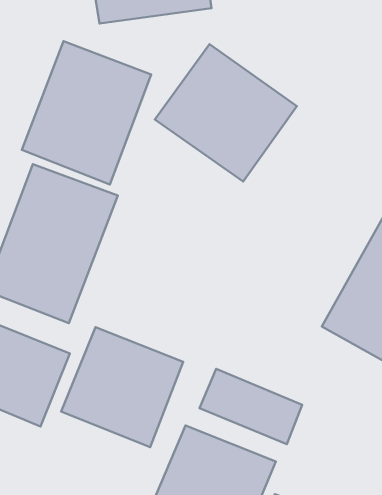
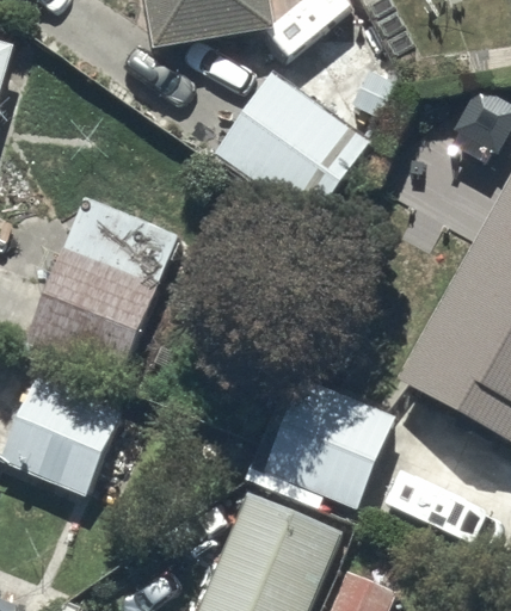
building: [22,41,151,184] -> none
building: [61,327,183,447] -> none

